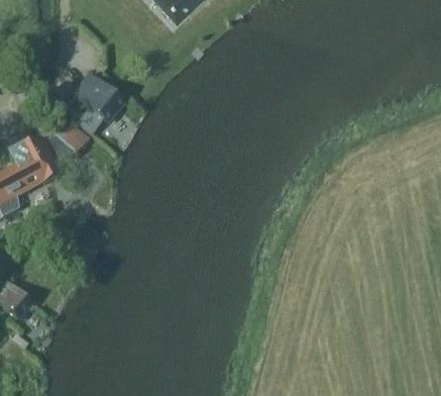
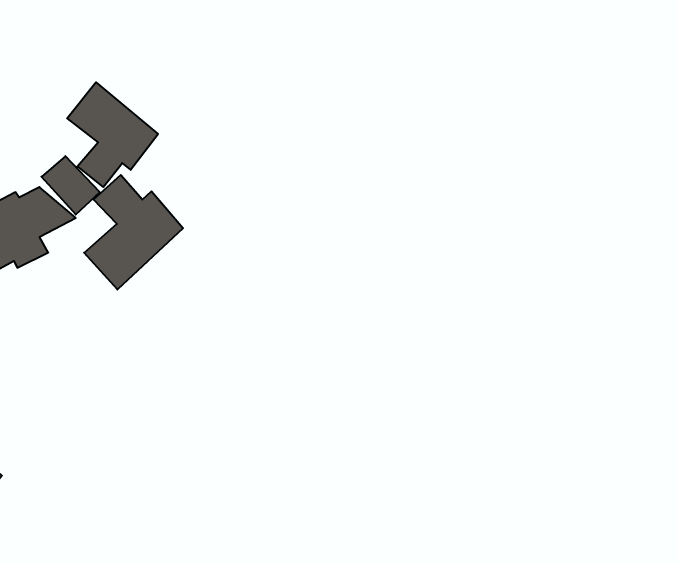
building: none -> [84,175,183,290]

